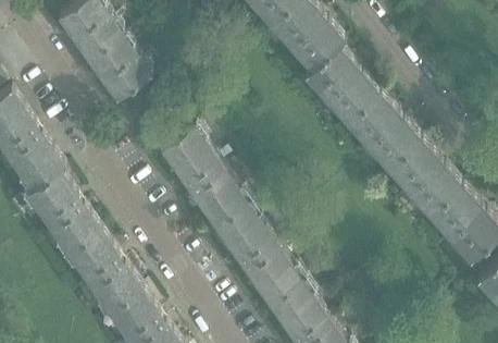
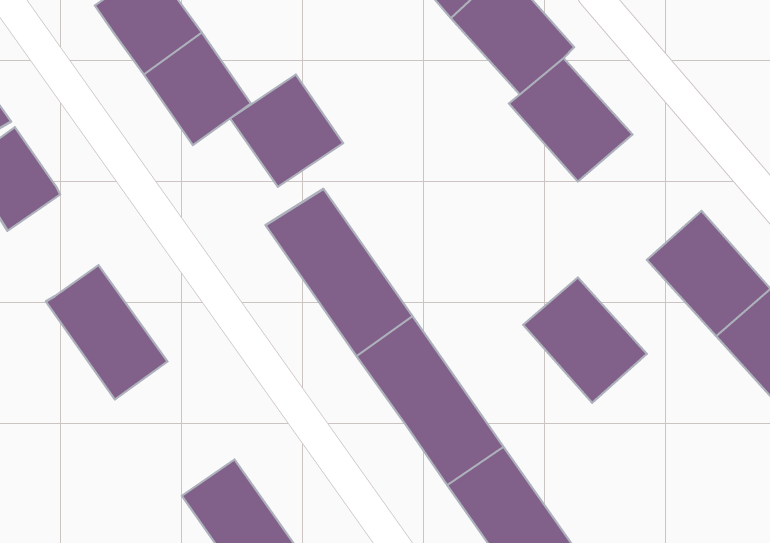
building: none -> [230,75,343,187]
building: [349,97,423,172] -> [523,277,647,403]
building: [8,133,67,194] -> none
building: [72,233,144,314] -> none

